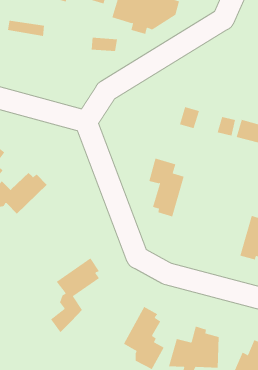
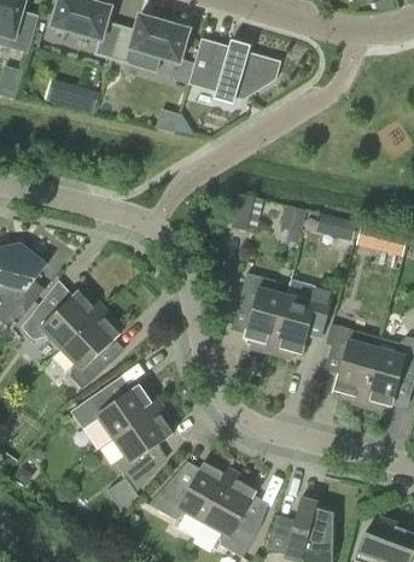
building: none -> [270,283,334,357]
building: none -> [62,308,119,387]
building: none -> [331,324,379,403]
building: none -> [70,384,161,438]
building: none -> [148,461,232,521]

